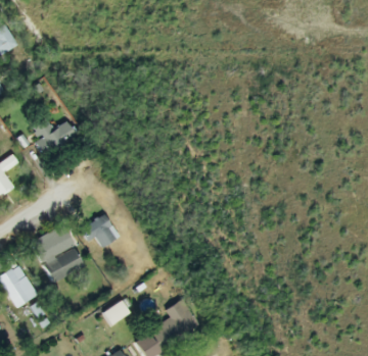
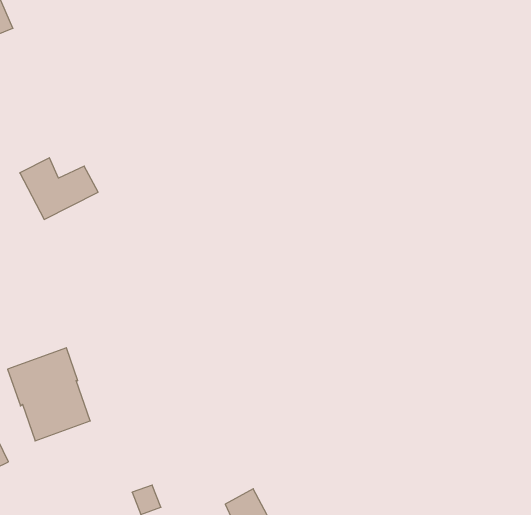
building: [82,214,118,245] -> none

